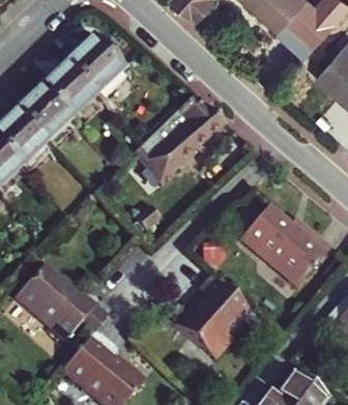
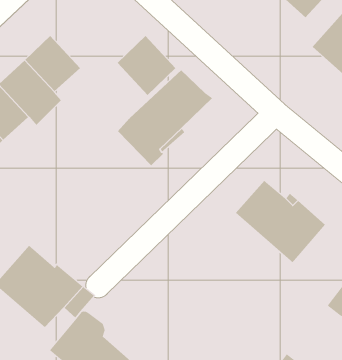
building: [63,38,121,97] -> [117,35,176,96]
building: [177,279,250,361] -> none

